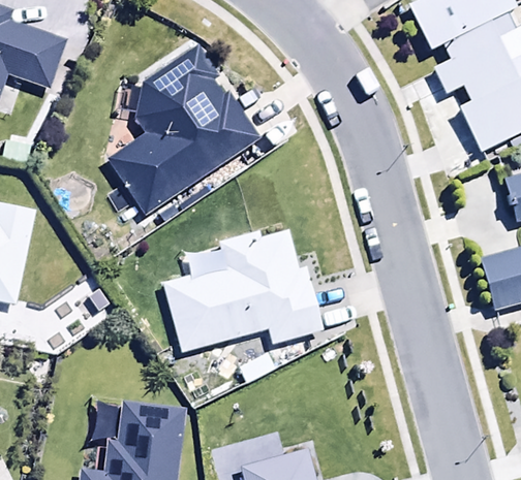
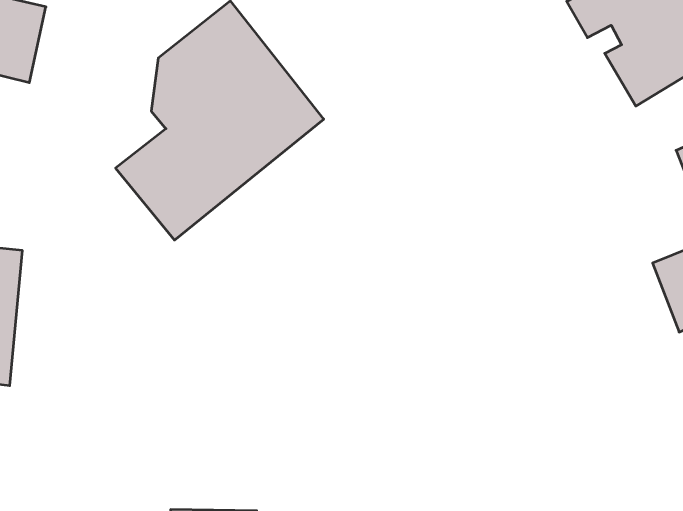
building: [163,230,323,353] -> none

